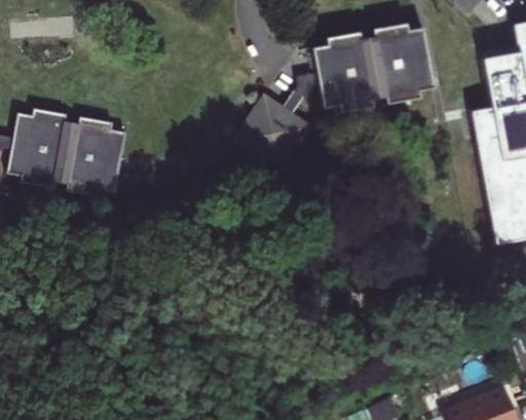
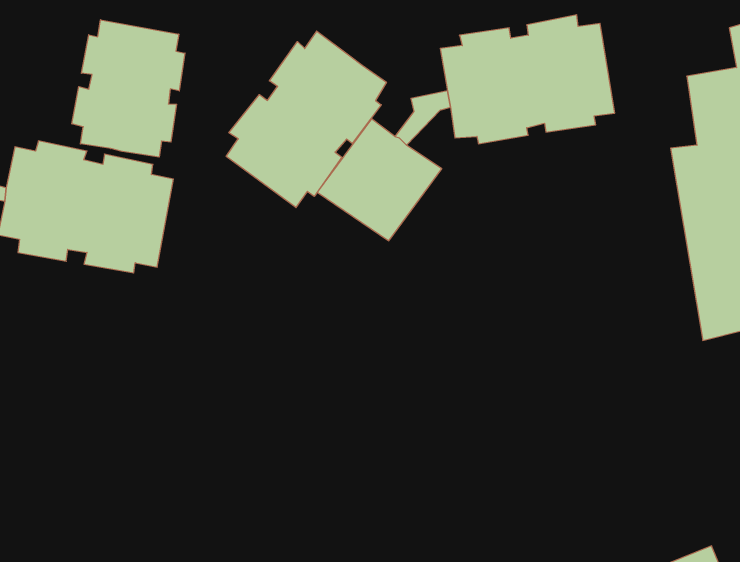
building: none -> [72,20,185,157]
building: none -> [226,31,386,208]

